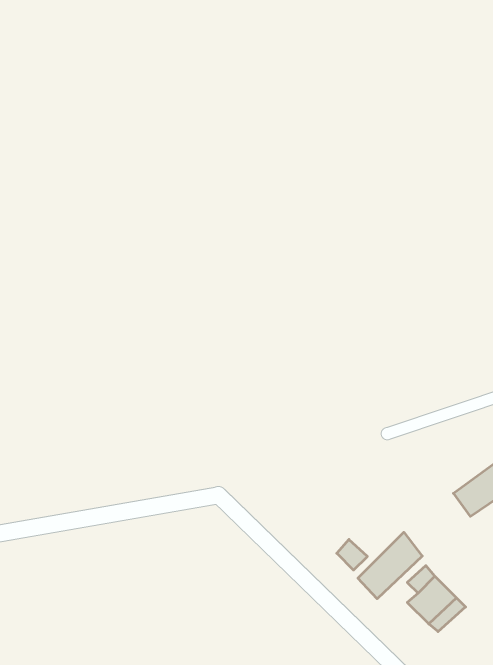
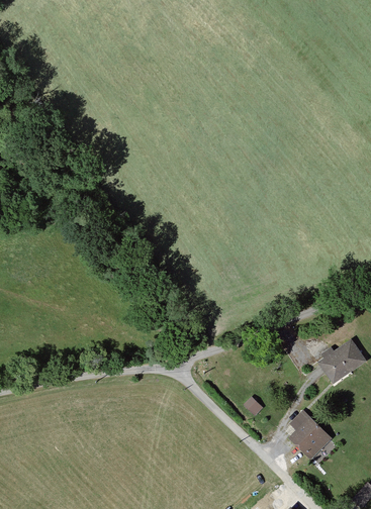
building: [358,532,422,599] -> none

